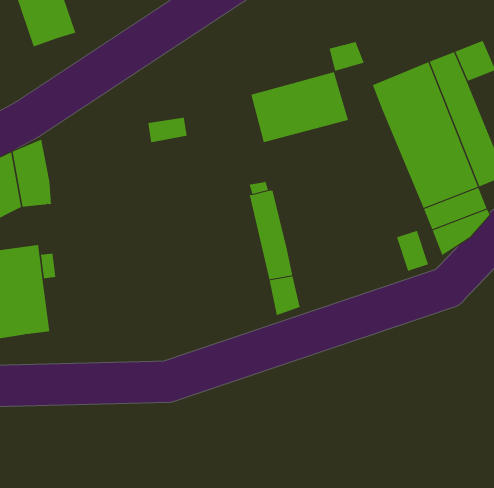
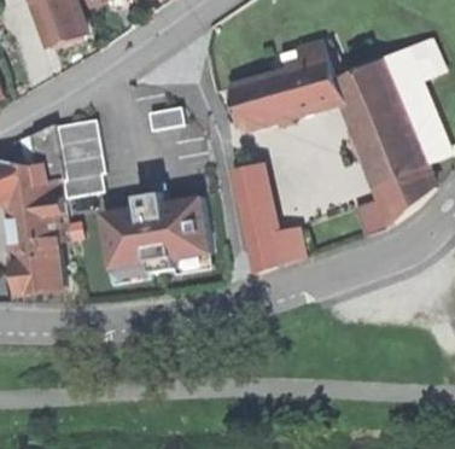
building: none -> [302,60,342,109]
building: none -> [54,118,99,196]
building: none -> [95,191,205,269]
building: none -> [262,211,299,267]

